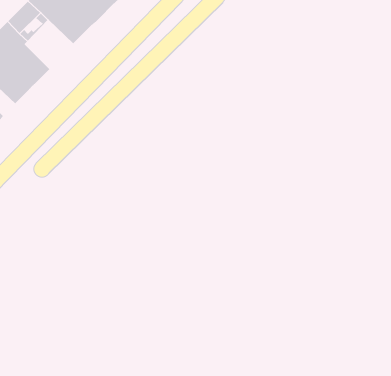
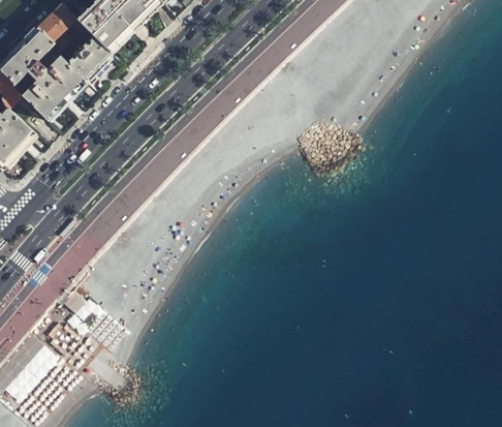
building: none -> [66,34,113,81]

